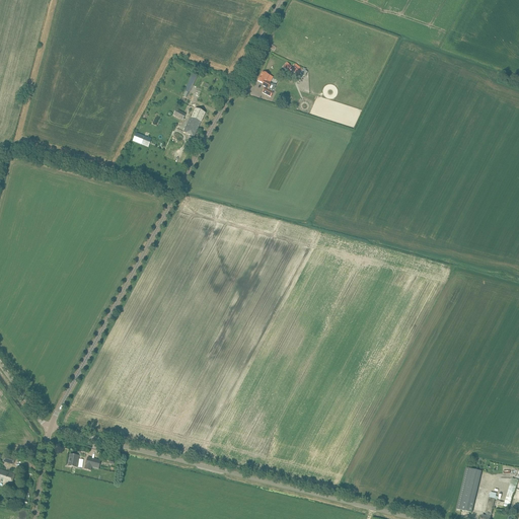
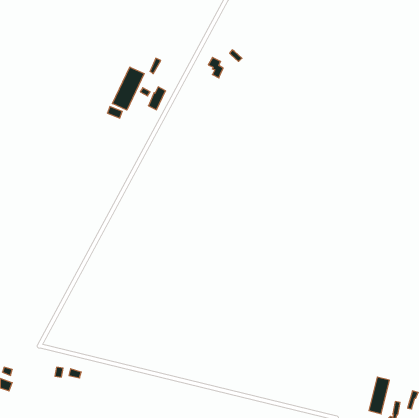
building: none -> [112,67,144,110]

